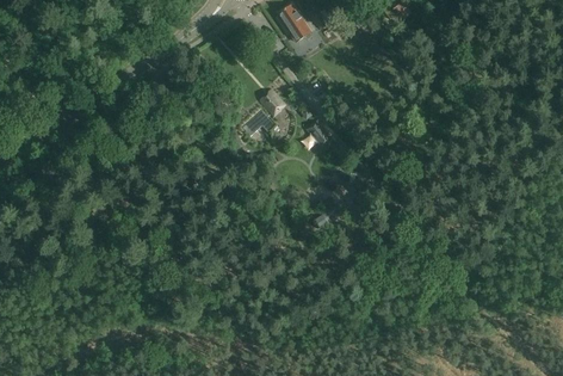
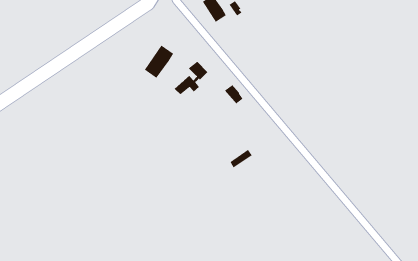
building: none -> [144,44,174,79]

